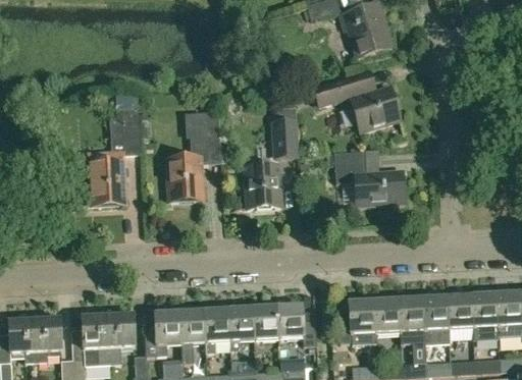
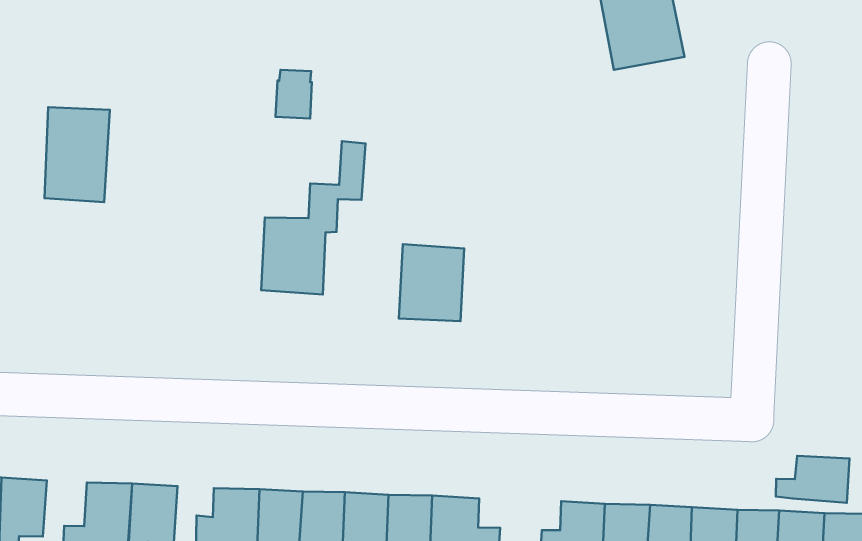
building: [312,68,400,131] -> none
building: [121,110,142,138] -> [276,70,312,119]
building: [274,110,300,159] -> none
building: [333,150,405,206] -> none
building: [88,151,124,204] -> [44,107,110,202]
building: none -> [776,456,849,503]

